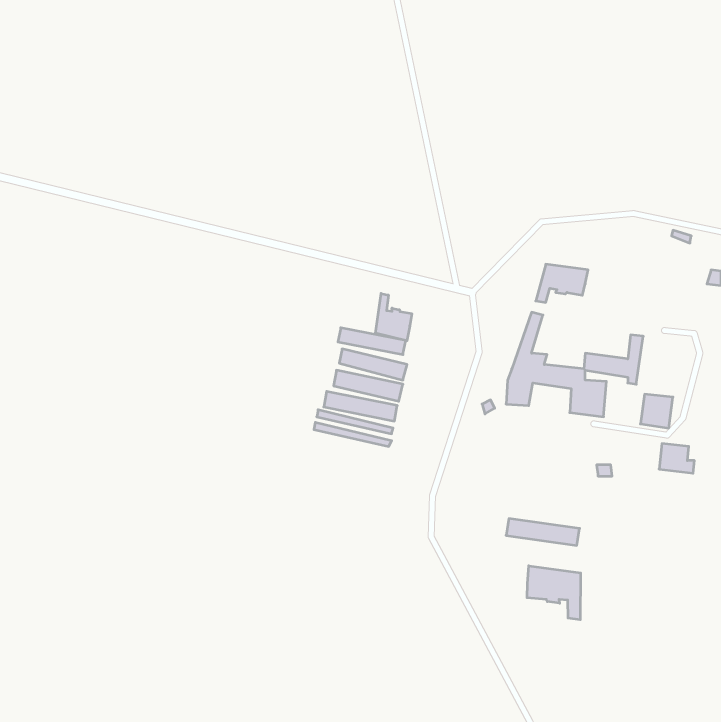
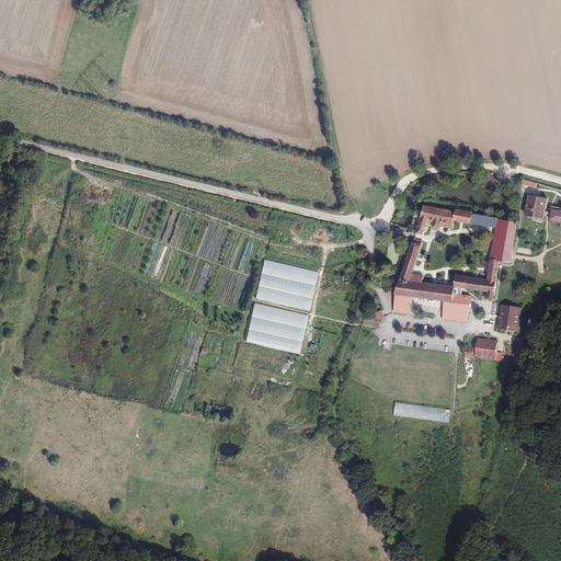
building: none -> [524,194,548,218]
building: none -> [454,209,517,263]
building: [375,293,412,341] -> none
building: [659,444,694,473] -> [474,339,502,362]
building: [527,566,581,620] -> none

